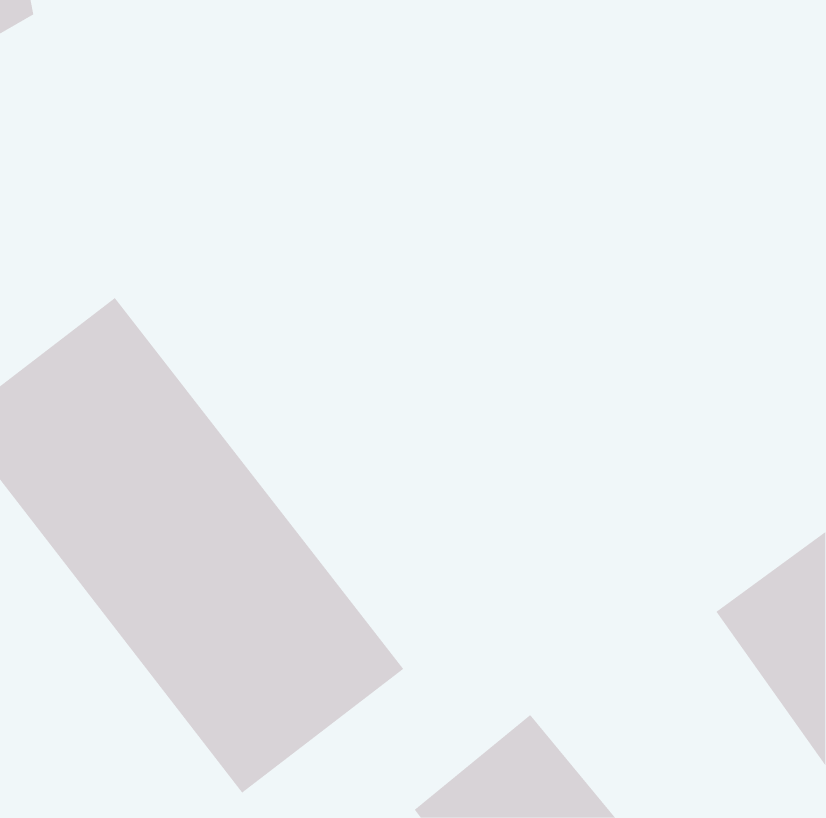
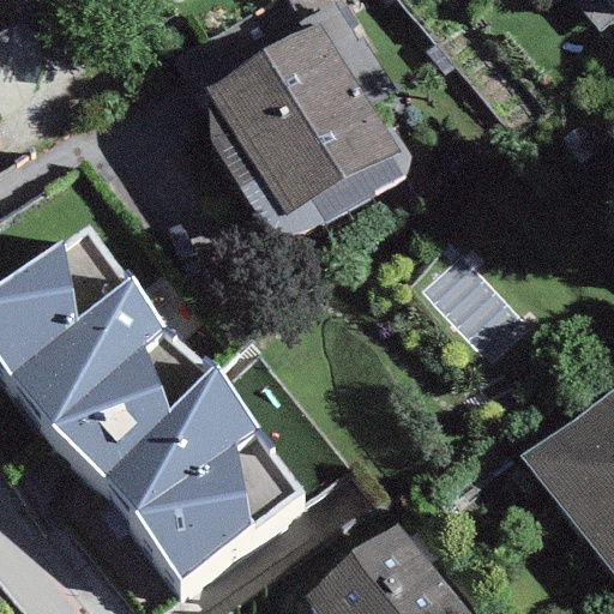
building: none -> [201,22,396,221]

